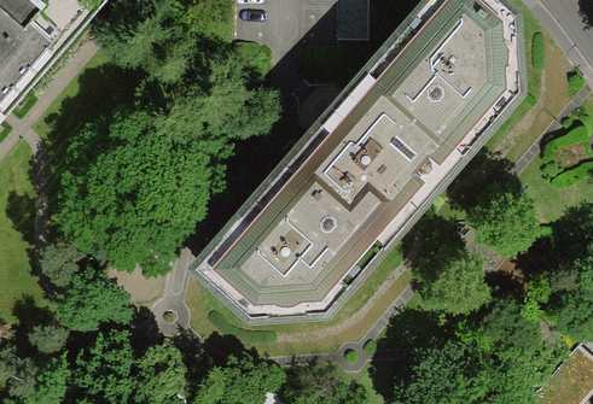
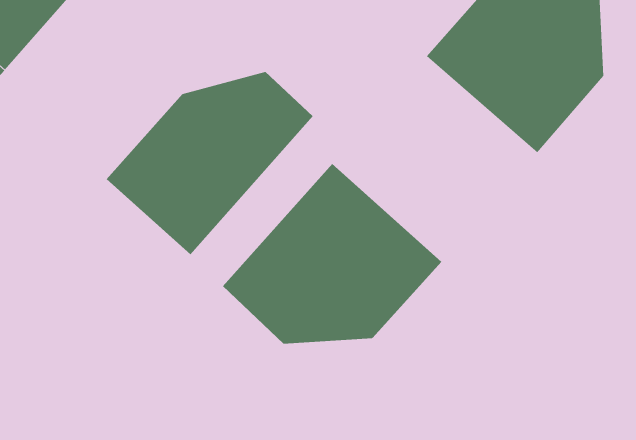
building: [281,74,453,245] -> none
building: none -> [106,71,313,255]

